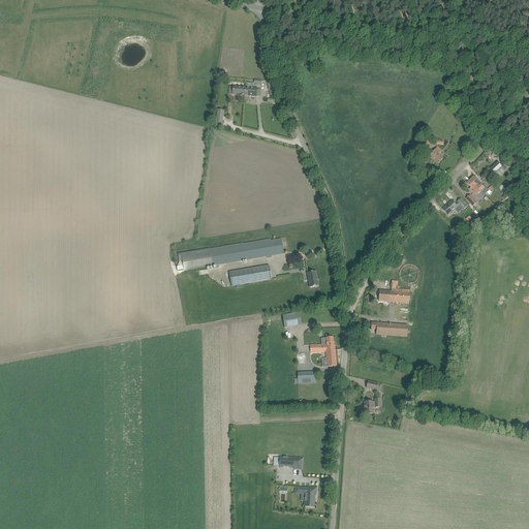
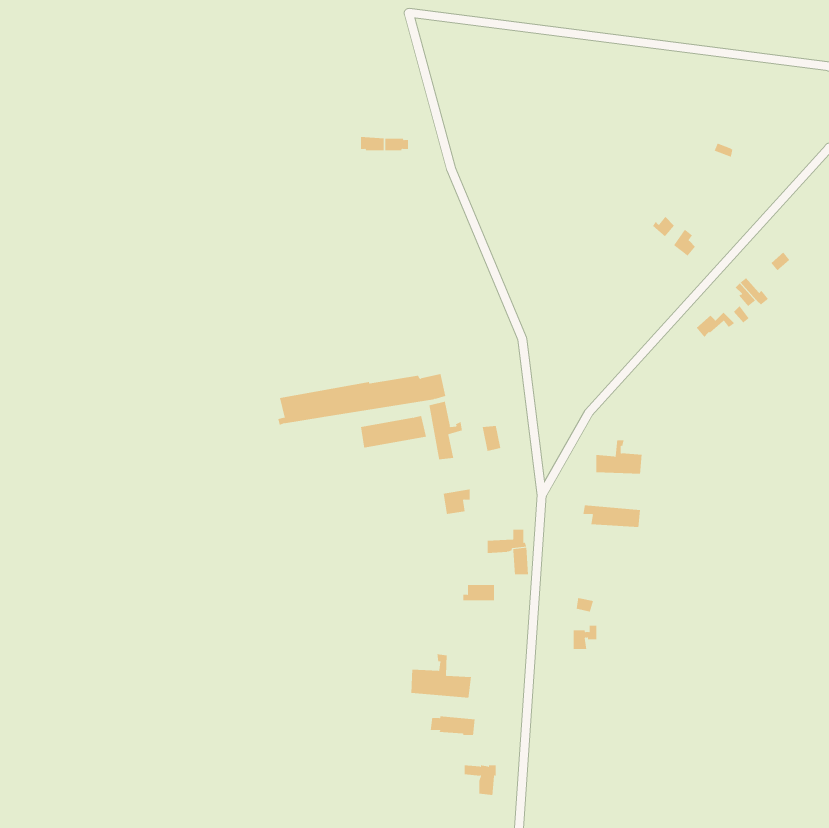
building: none -> [429,401,462,460]
building: none -> [411,654,472,699]

